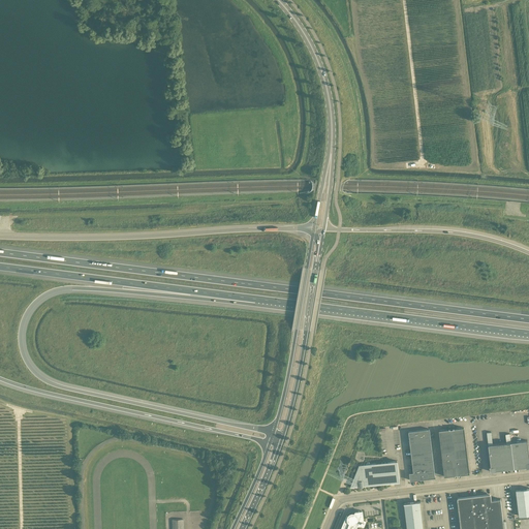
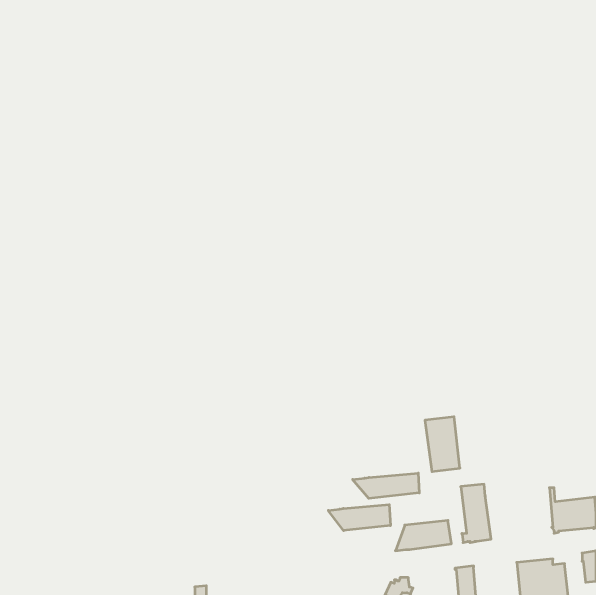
building: none -> [353,473,419,498]
building: [438,429,469,477] -> [425,417,460,472]
building: none -> [328,505,390,531]

